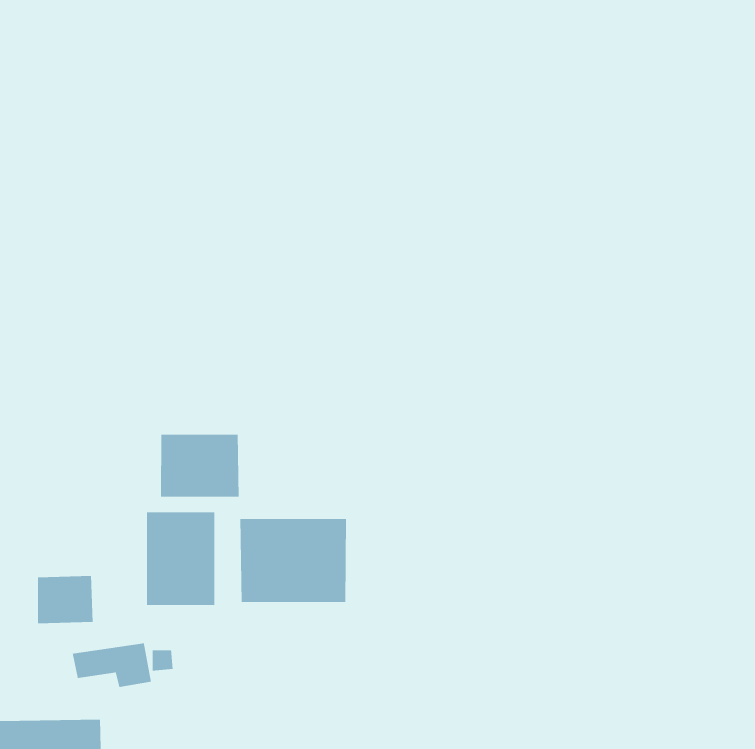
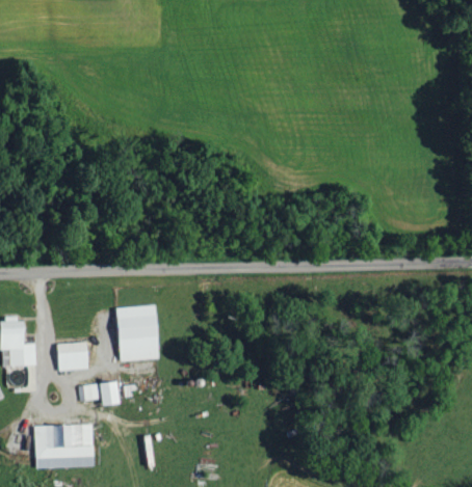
building: [160,434,240,497] -> none
building: [239,518,347,603] -> none

